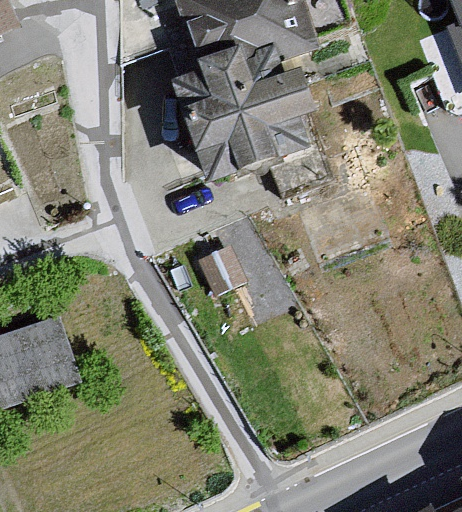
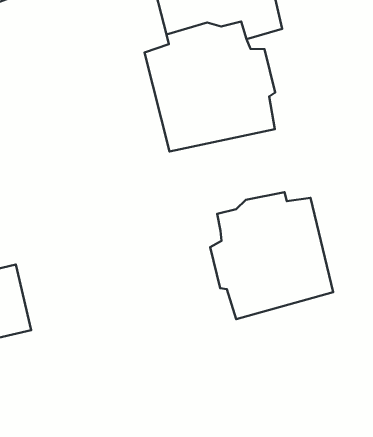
building: none -> [210,192,333,319]

